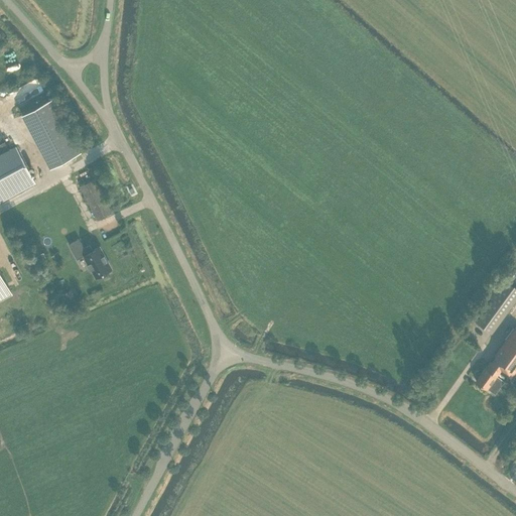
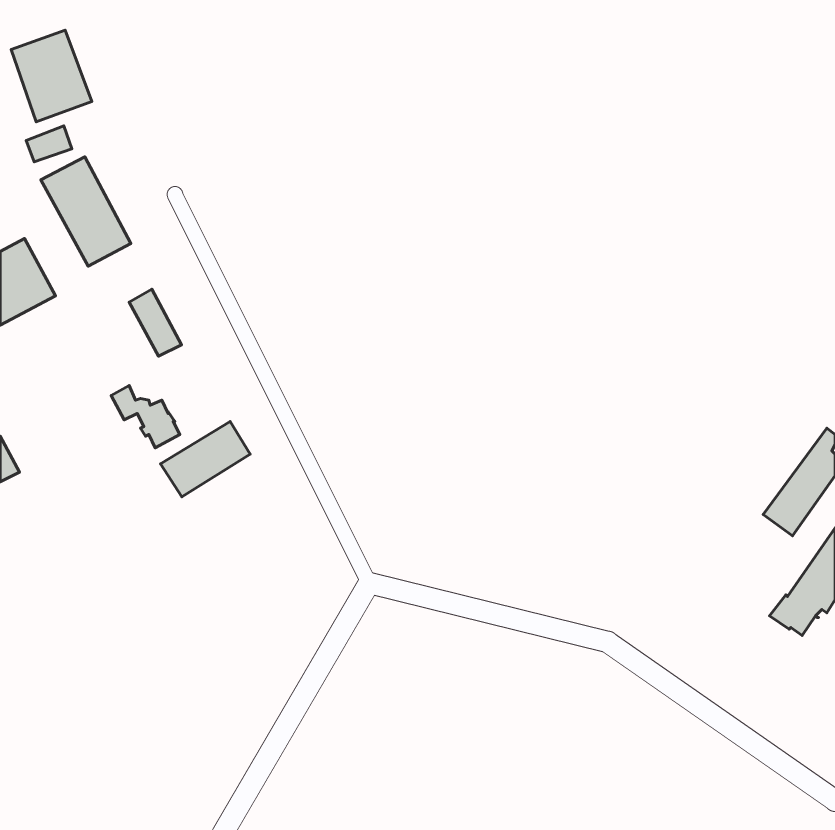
building: none -> [11,30,92,122]
building: none -> [161,422,250,497]

